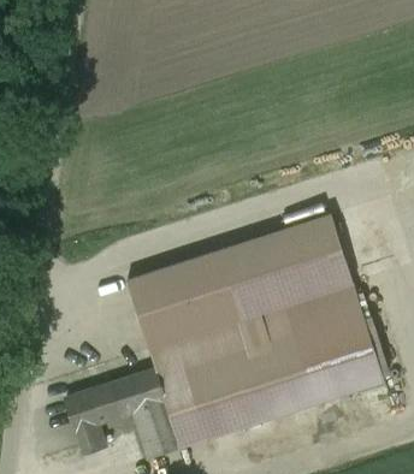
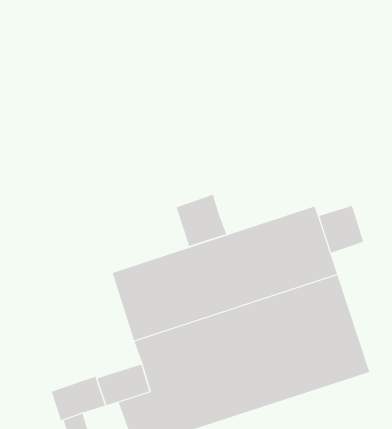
building: none -> [176,194,227,247]
building: none -> [319,205,364,253]

